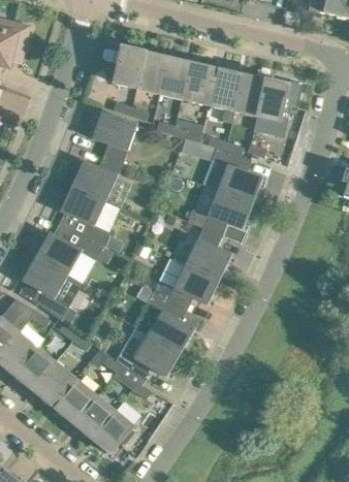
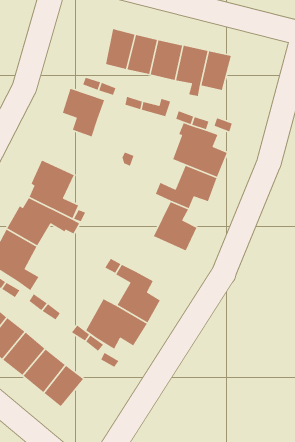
building: [107,45,144,88] -> none
building: [253,78,300,136] -> none
building: [71,155,123,200] -> none
building: [163,258,219,309] -> none
building: [91,409,135,453] -> none

